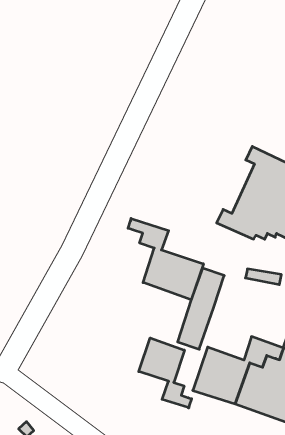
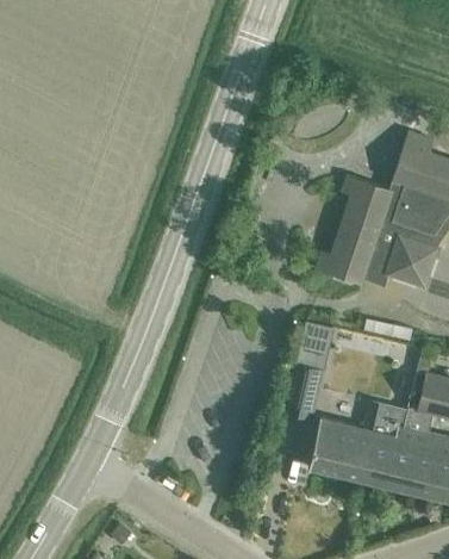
building: [128,218,203,300] -> none
building: [139,338,192,408] -> none

